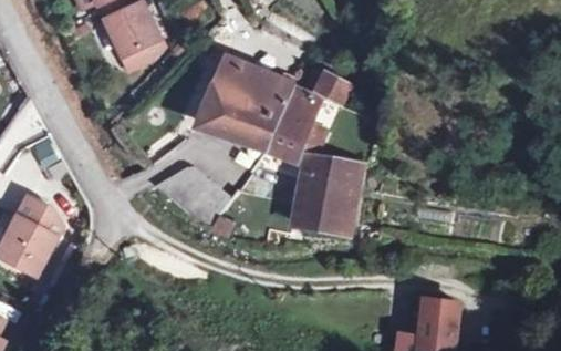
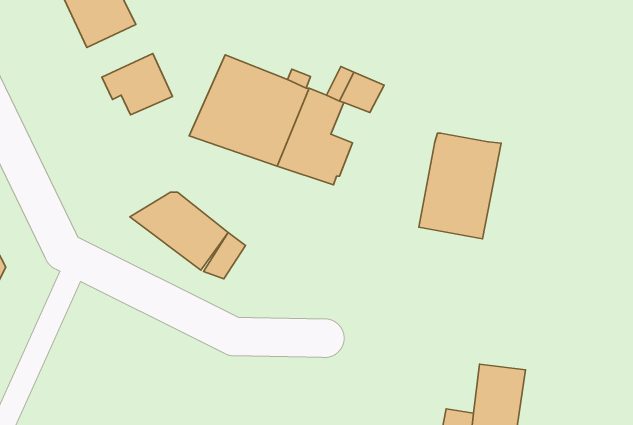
building: none -> [102,54,172,115]
building: [298,155,361,236] -> [419,133,501,239]

